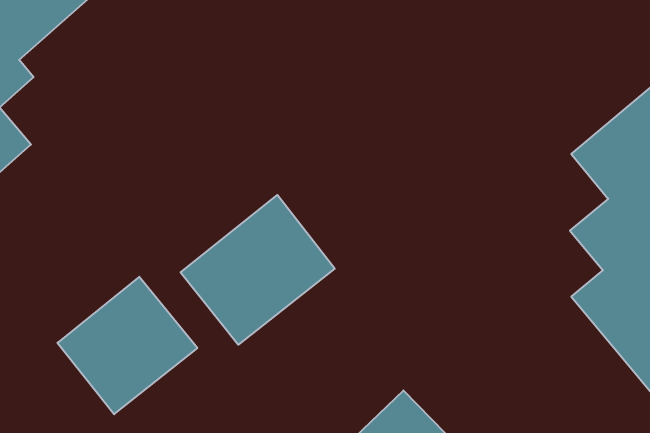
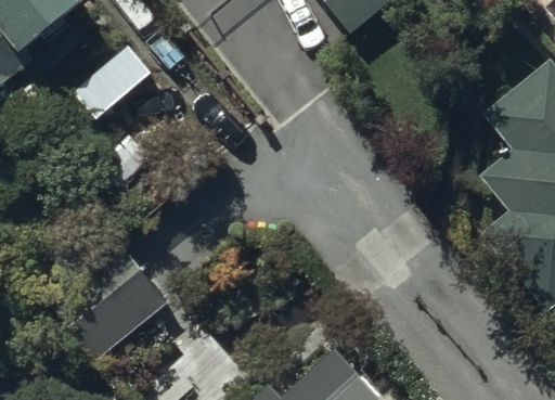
building: [181,195,335,345] -> none

